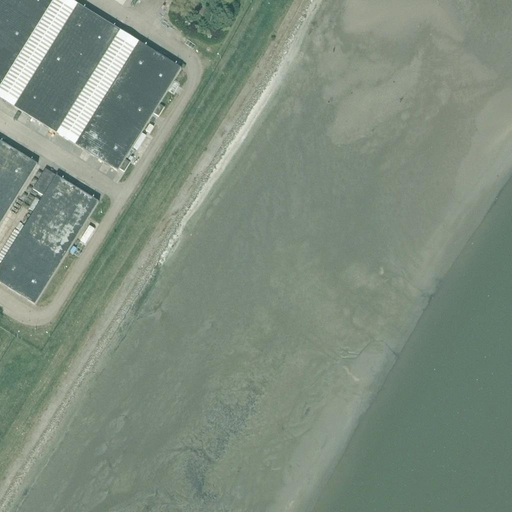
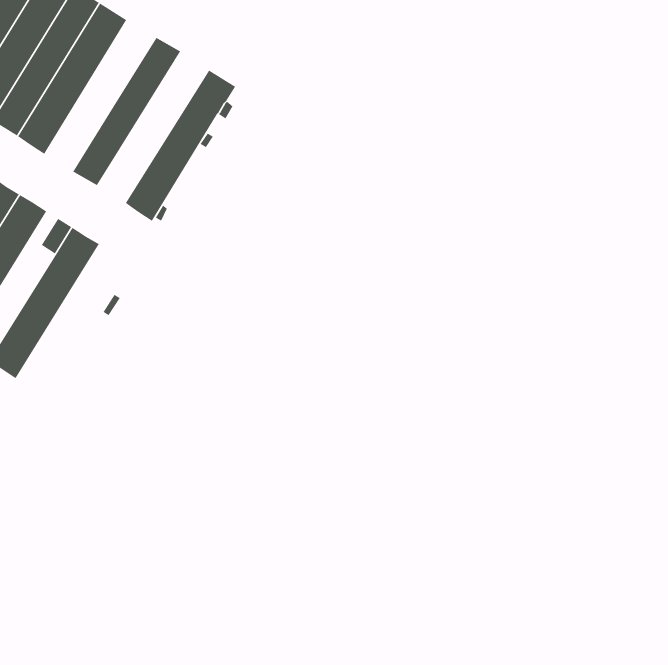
building: [34,15,119,131] -> none
building: [74,39,159,155] -> none
building: [12,186,97,302] -> none

